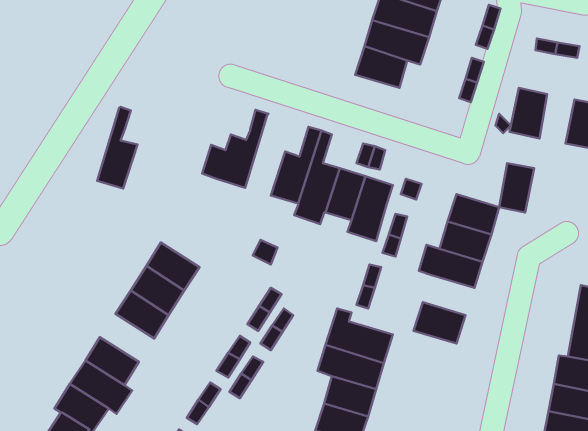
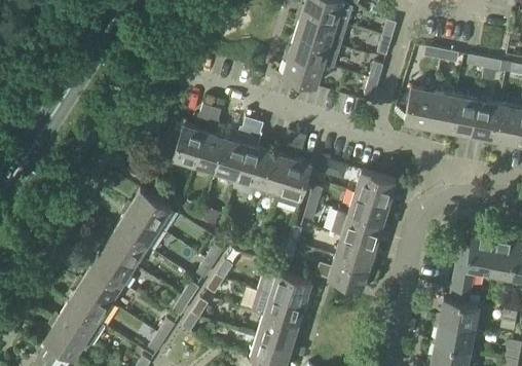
building: [97,107,137,188] -> [194,107,226,172]
building: [499,163,534,212] -> [427,92,455,131]
building: none -> [127,189,171,228]
building: none -> [335,234,376,266]
building: none -> [79,265,122,303]

